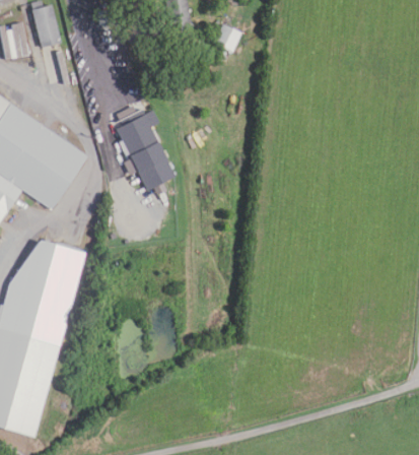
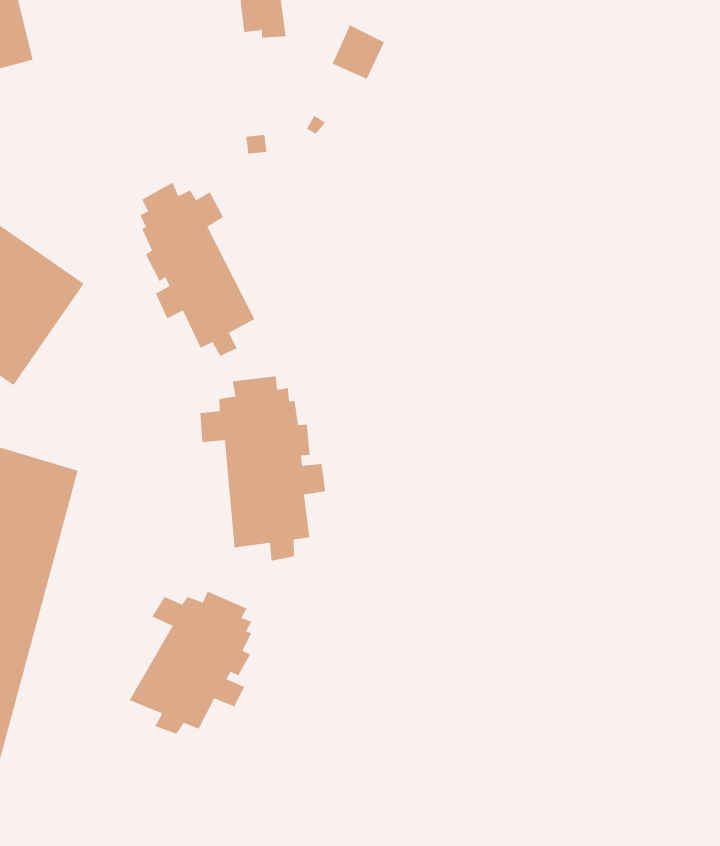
building: none -> [200,375,326,561]
building: none -> [129,591,252,735]

